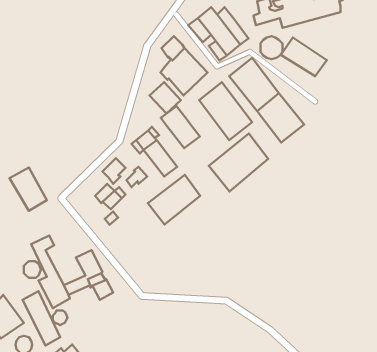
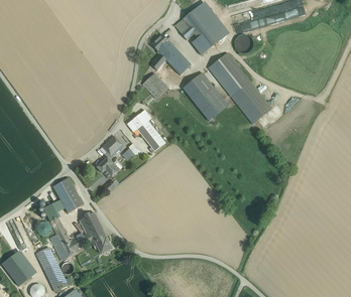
building: [281,38,327,76] -> none
building: [161,106,200,148] -> none
building: [209,134,268,191] -> none
building: [9,167,47,211] -> [51,176,83,212]
building: [148,175,200,225] -> none

